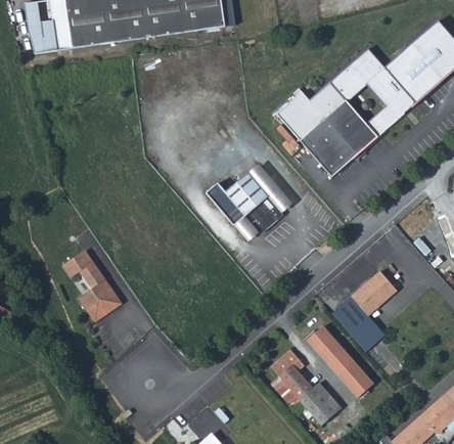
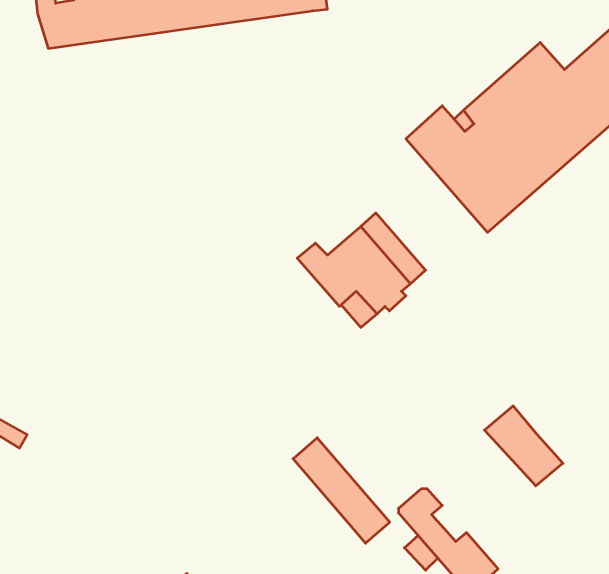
building: [62,249,122,320] -> none
building: [350,269,396,314] -> none
building: [306,325,371,397] -> [293,438,390,543]

